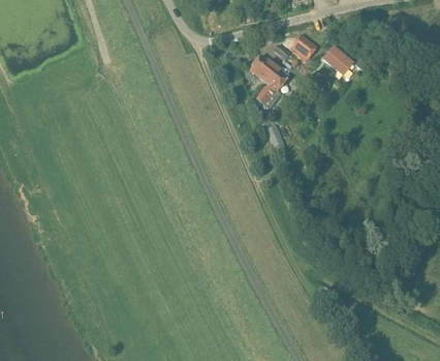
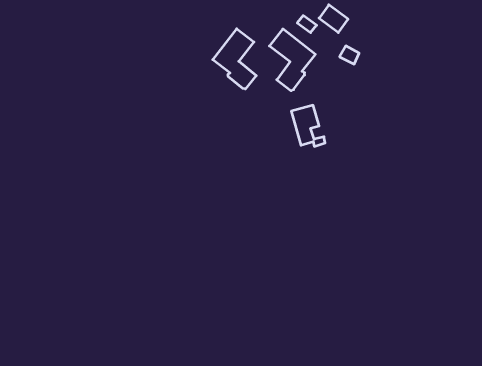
building: [322,44,352,74] -> none
building: none -> [213,29,256,89]

